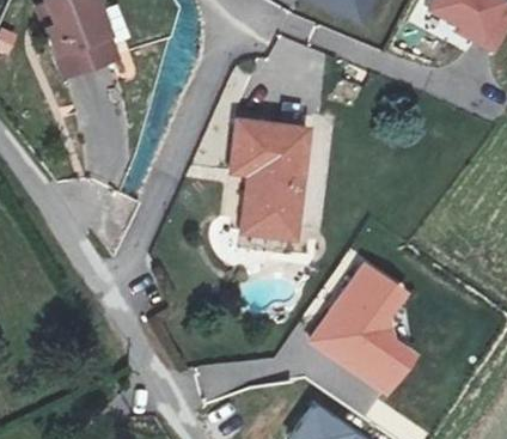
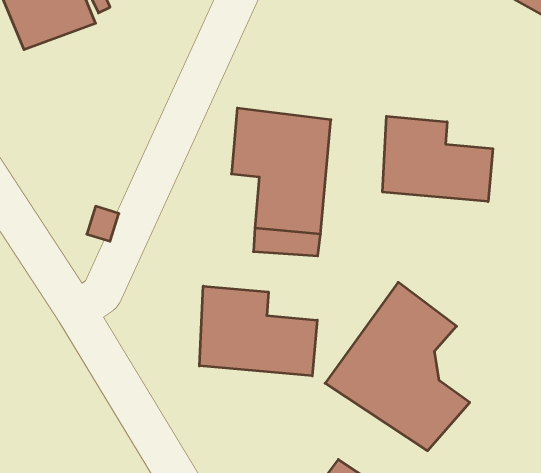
building: none -> [383,116,493,202]
building: none -> [199,286,317,376]

